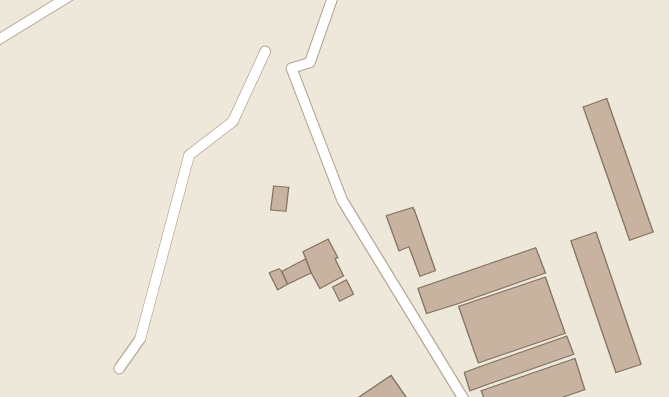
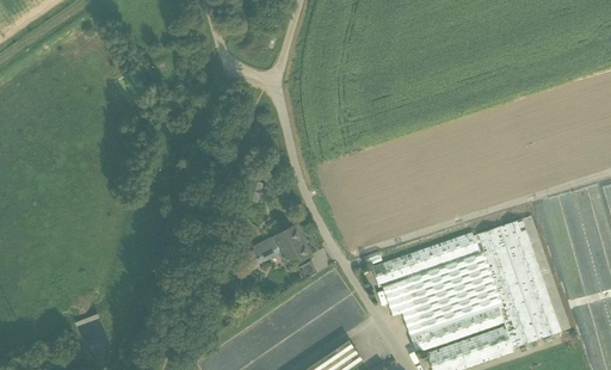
building: [583,99,653,240] -> [479,227,538,347]
building: [386,207,435,276] -> [383,280,425,339]

